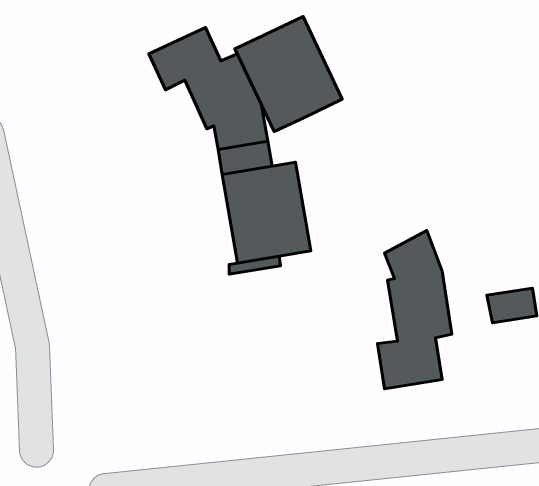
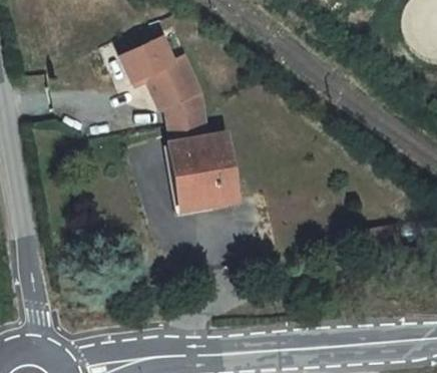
building: [235,16,342,132] -> none
building: [377,230,452,389] -> none

